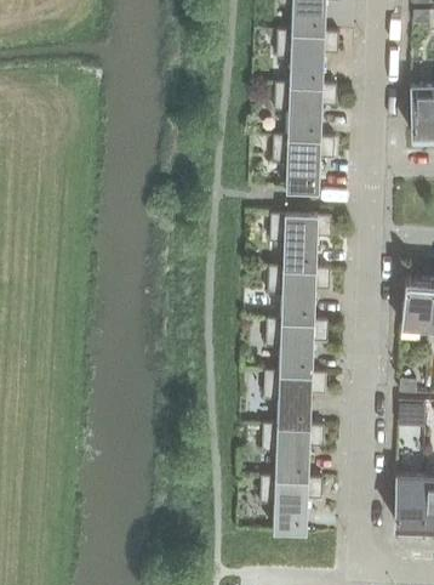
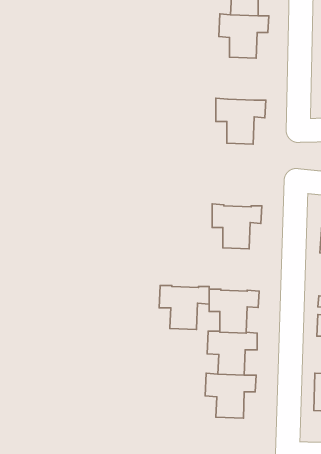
building: [274,85,336,140] -> none
building: [269,217,332,272] -> none
building: [265,322,327,376] -> [159,285,209,329]

